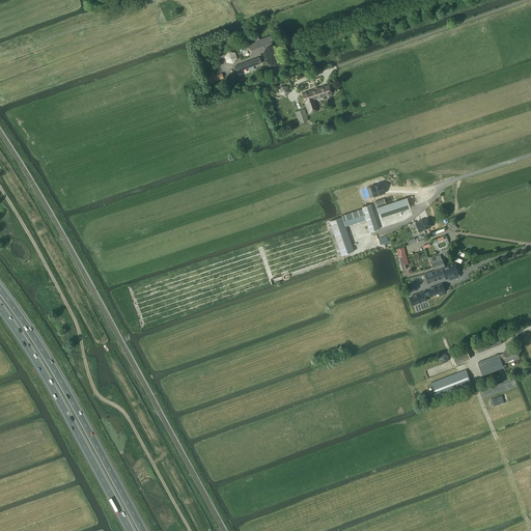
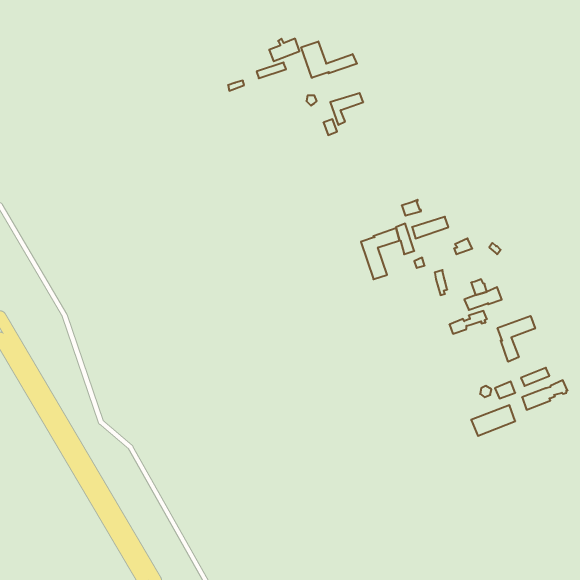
building: none -> [301,41,357,78]
building: none -> [498,316,535,362]

